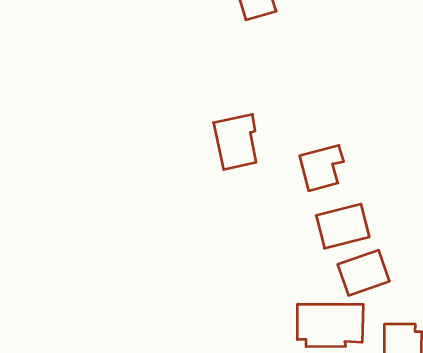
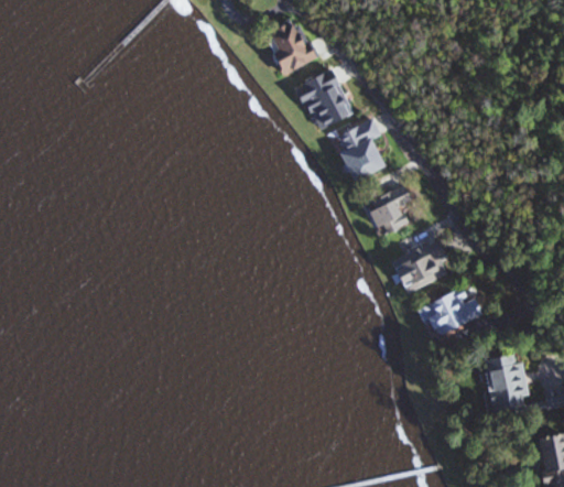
building: none -> [299,69,354,130]
building: [213,114,256,170] -> [336,119,387,181]
building: [297,304,363,347] -> none

